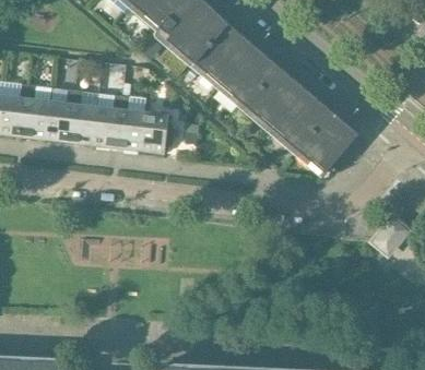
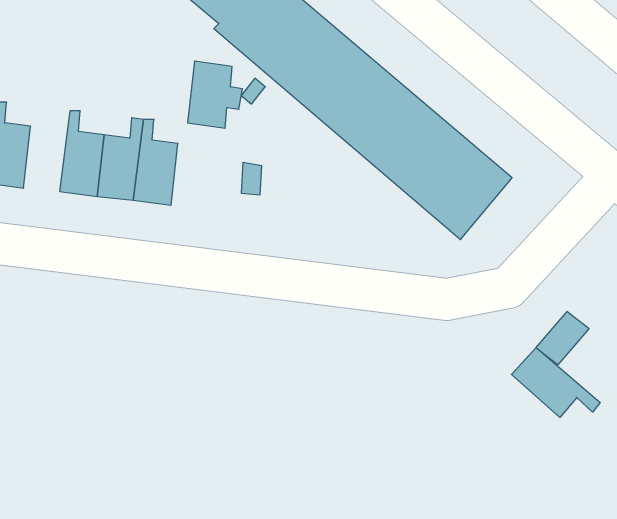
building: [46,89,75,142] -> none
building: [140,111,175,154] -> [188,61,242,128]
building: none -> [511,348,600,417]

